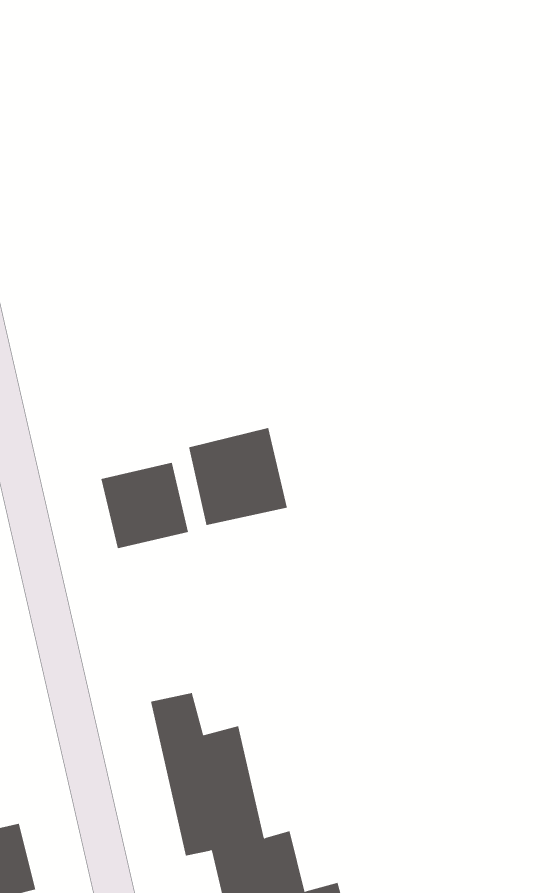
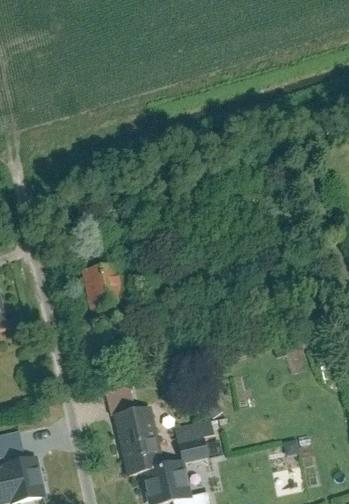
building: [189,427,287,526] -> none
building: none -> [175,419,214,460]

